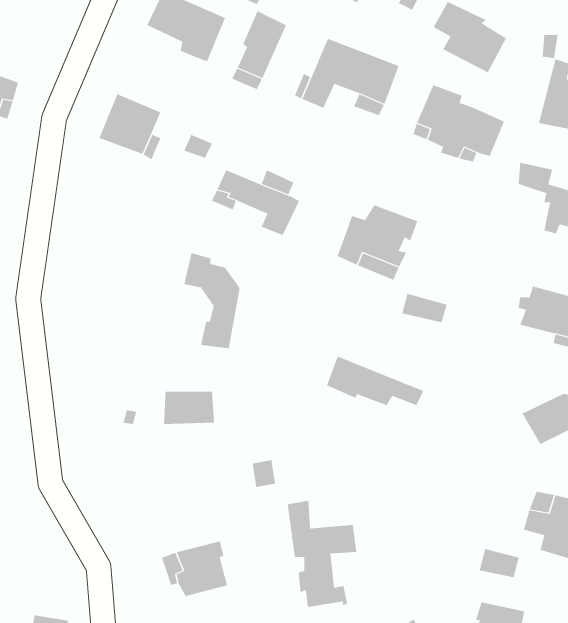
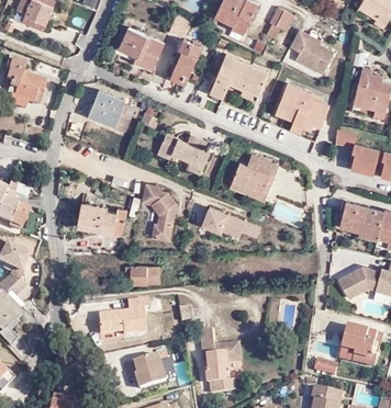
building: none -> [77,207,133,238]
building: [326,356,424,406] -> [201,206,259,236]
building: none -> [99,298,148,335]

